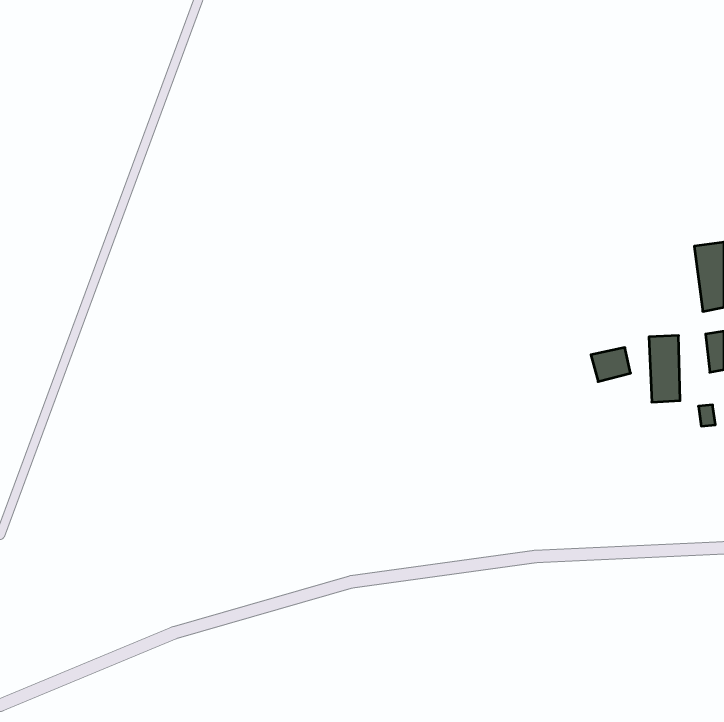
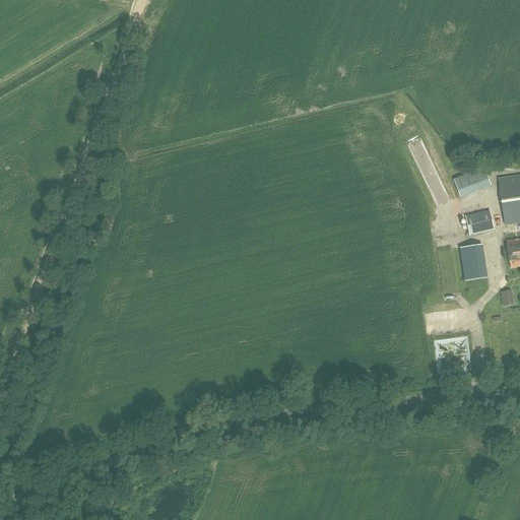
building: none -> [453,167,492,197]
building: [591,348,631,382] -> [465,210,494,235]

